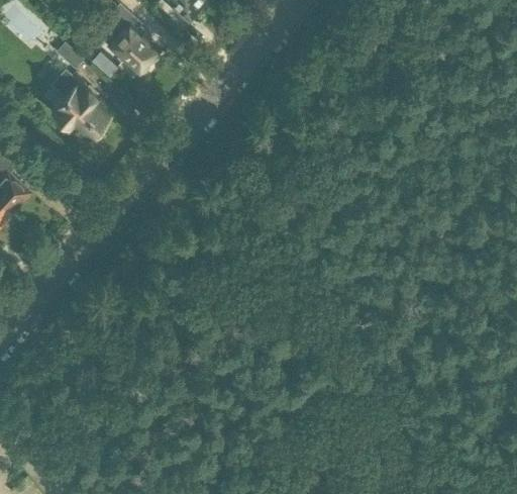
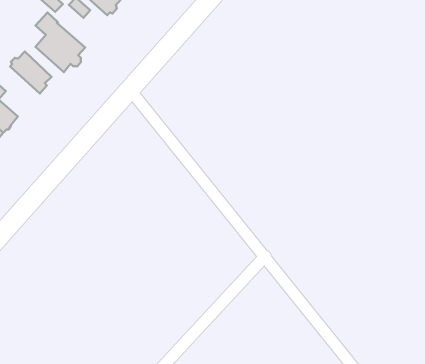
building: none -> [10,51,52,93]

